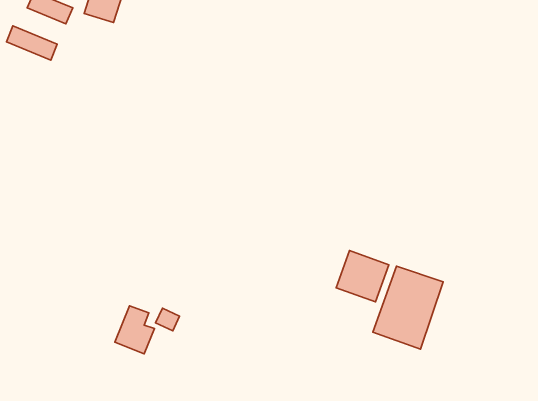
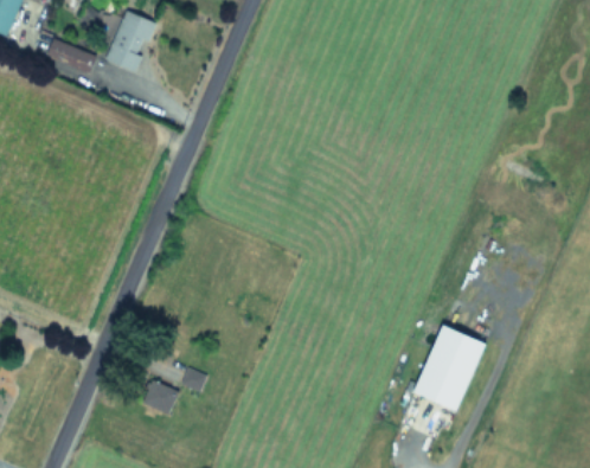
building: [7,26,57,60] -> none
building: [336,251,389,302] -> none

